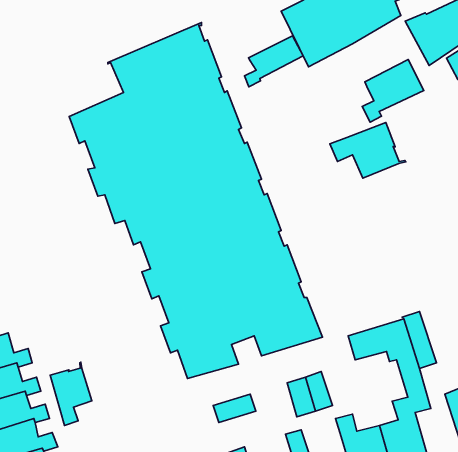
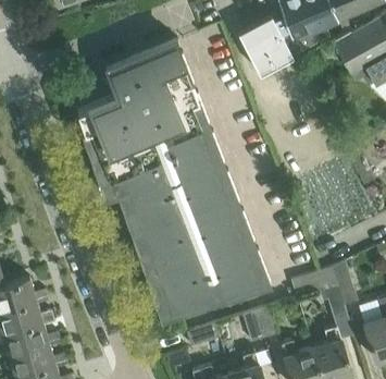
building: [245,36,303,87] -> none
building: [362,59,424,122] -> none
building: [330,122,406,178] -> none
building: [50,362,92,425] -> none

